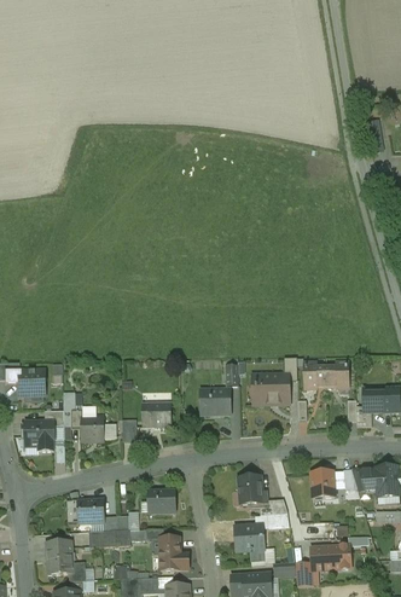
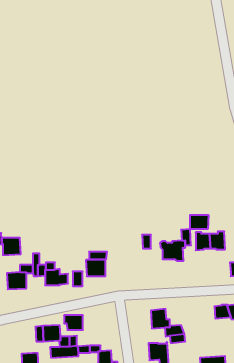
building: none -> [190,215,208,229]
building: [199,388,231,415] -> none
building: [310,470,333,498] -> none
building: [147,491,175,512] -> [64,315,83,330]

